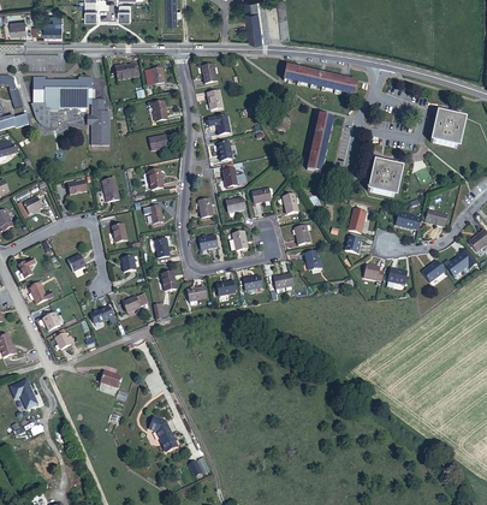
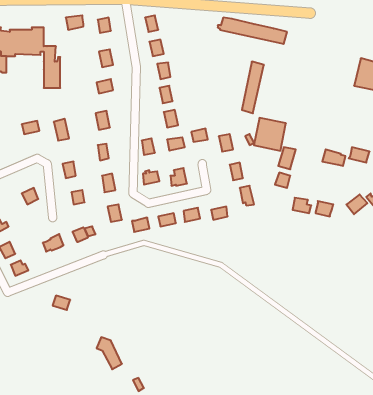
building: [368,160,403,196] -> [254,118,286,151]

